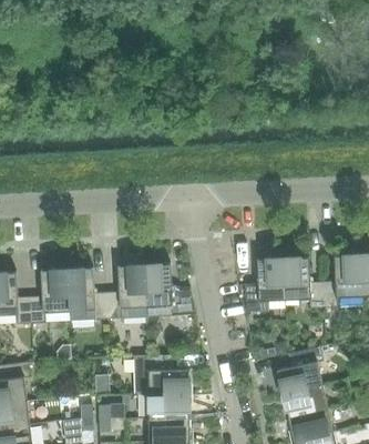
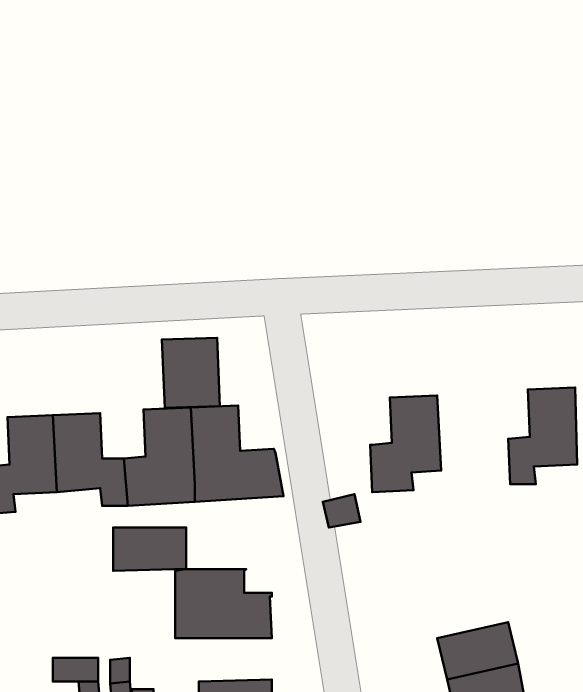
building: none -> [162,338,220,408]
building: [281,256,322,309] -> none
building: [275,346,321,394] -> none
building: [147,394,188,418] -> [113,528,186,571]

